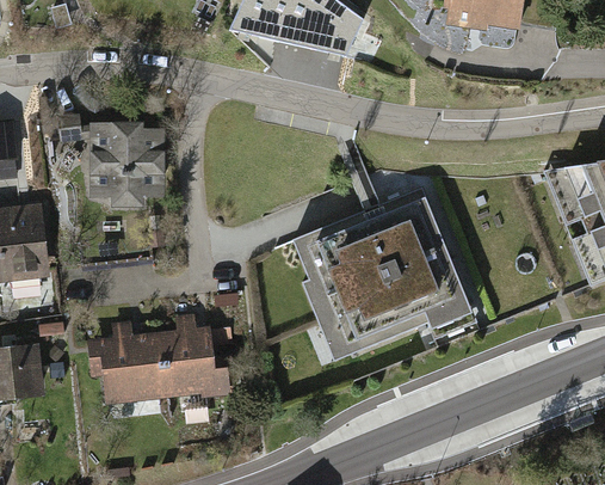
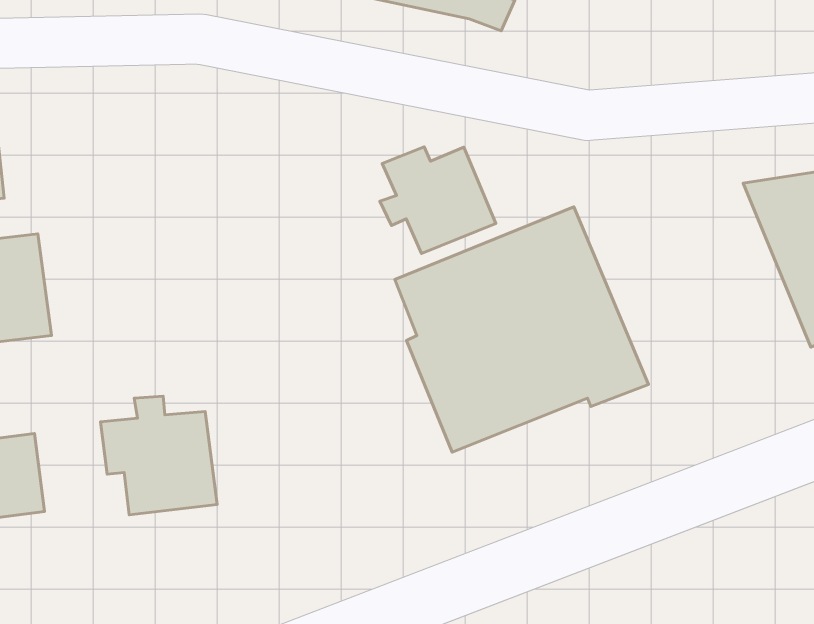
building: [93,128,167,202] -> none
building: none -> [380,147,496,254]
building: [159,312,230,397] -> none

